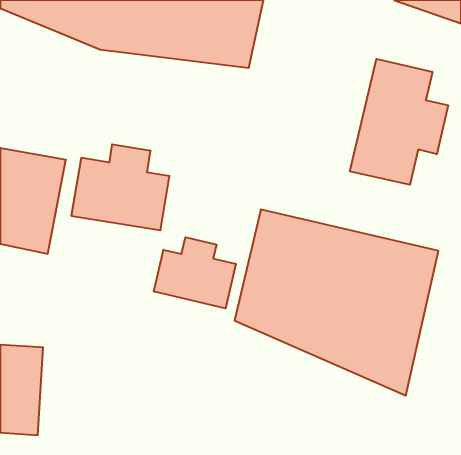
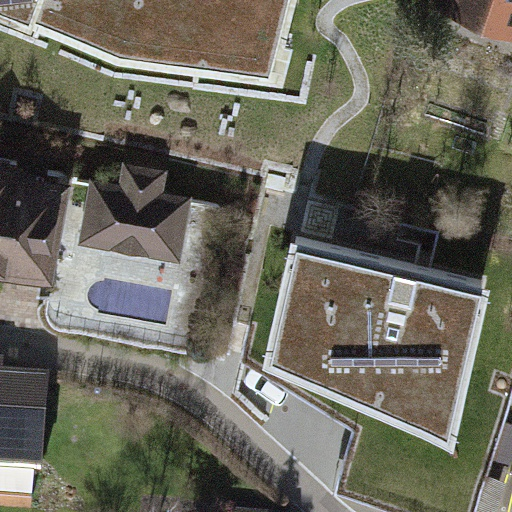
building: [350,59,448,185] -> none
building: [154,237,236,308] -> none

